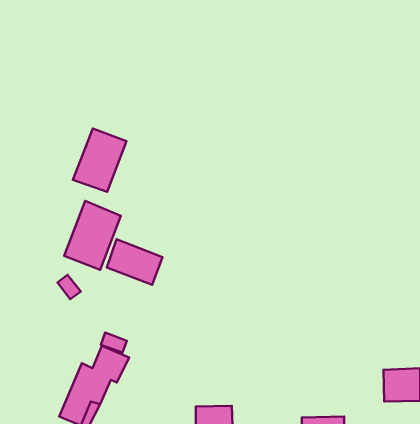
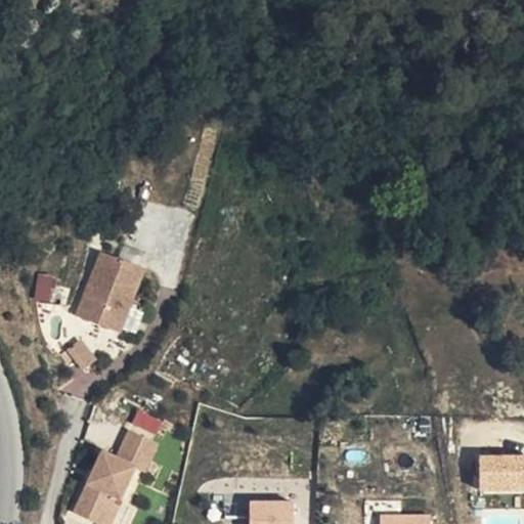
building: [73,129,127,192] -> none
building: [107,239,163,285] -> none

